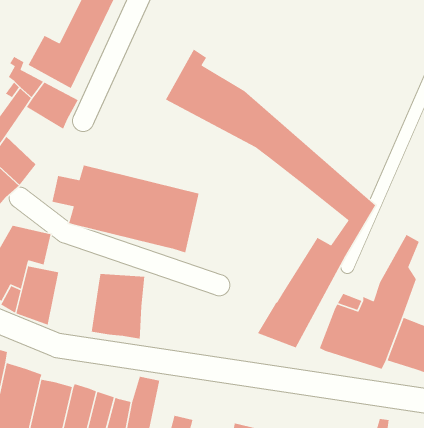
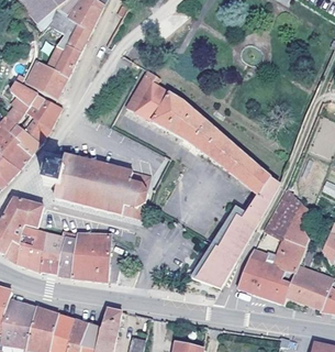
building: none -> [9,111,51,153]
building: none -> [263,188,300,239]
building: none -> [40,231,76,275]

